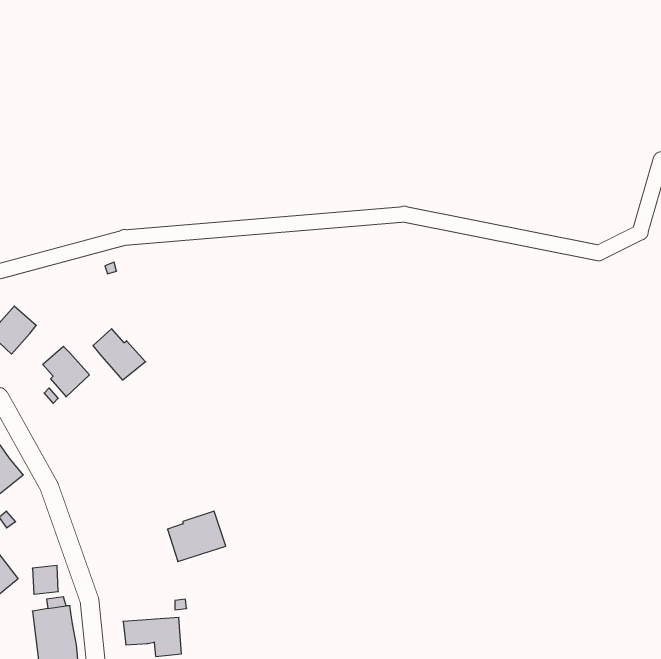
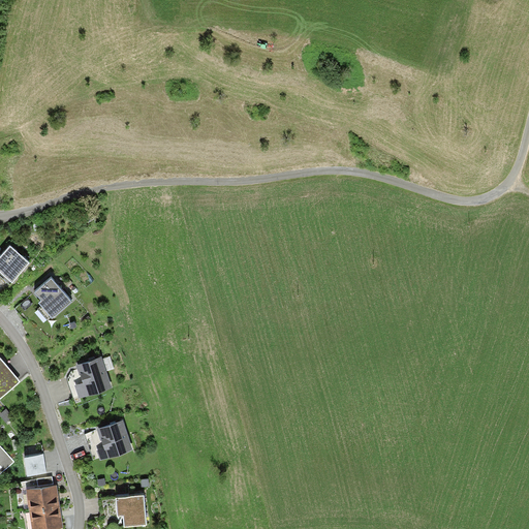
building: [93,329,146,380] -> none
building: none -> [66,356,113,401]
building: [167,511,226,562] -> [84,421,130,461]

